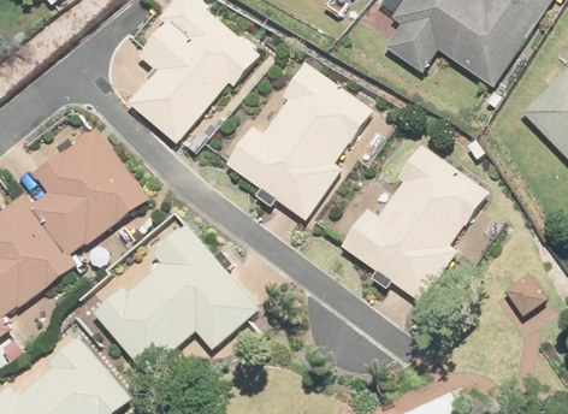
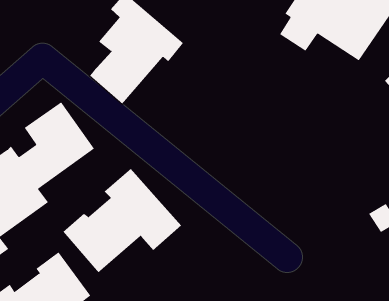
building: [227,66,377,218] -> none
building: [341,148,491,301] -> none

